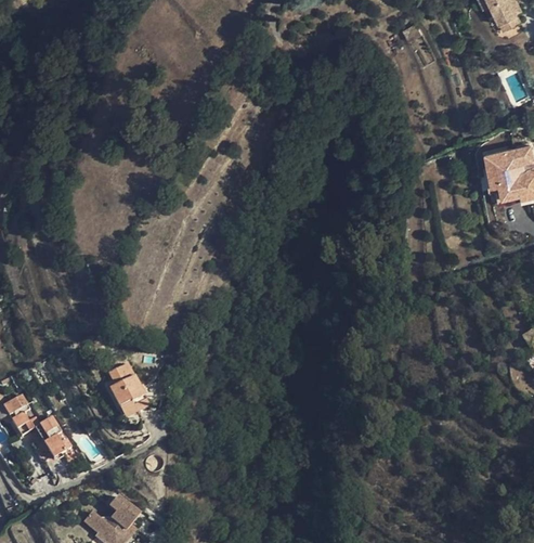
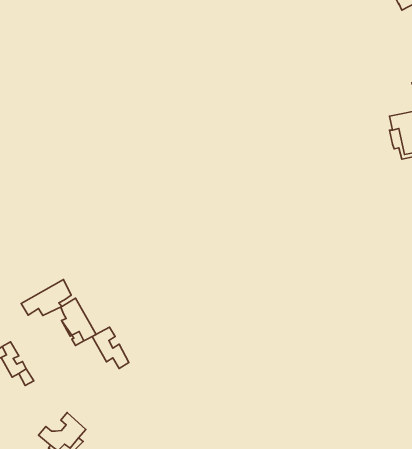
building: none -> [21,280,71,316]
building: none -> [92,327,129,368]

